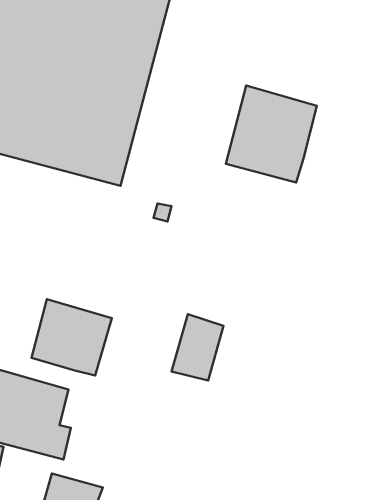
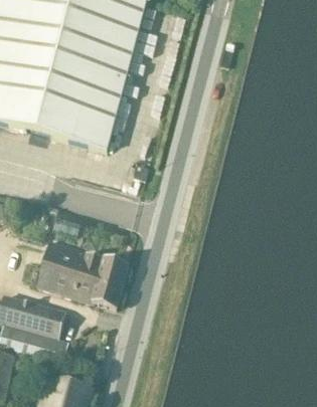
building: [226,85,317,182] -> none
building: [171,314,224,380] -> [87,253,128,306]

